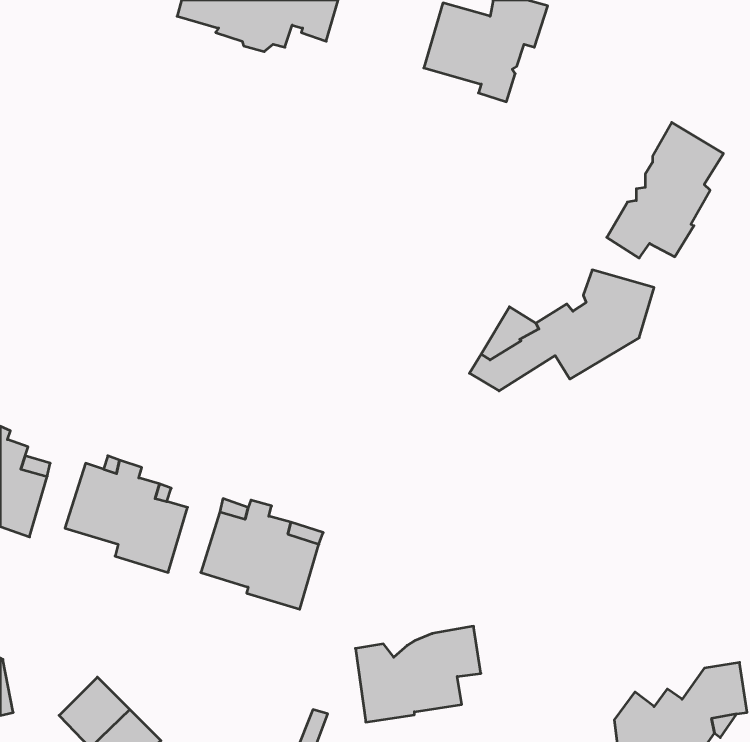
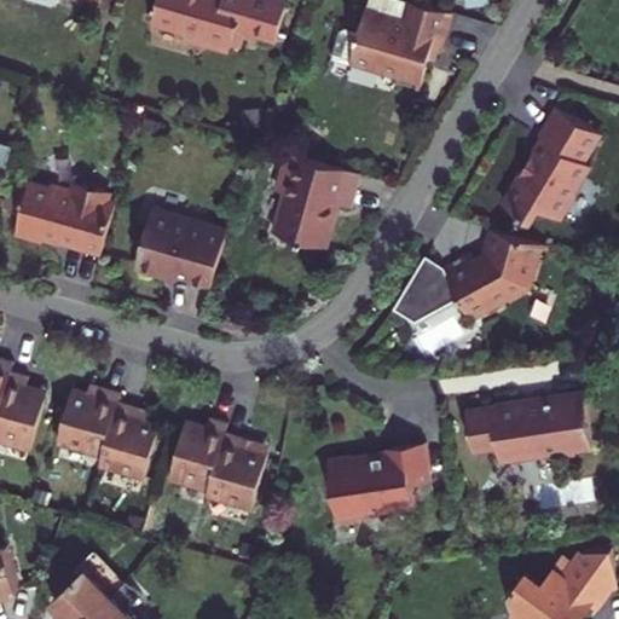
building: none -> [270,155,354,247]
building: none -> [15,186,115,258]
building: none -> [134,212,226,289]
building: none -> [464,398,590,462]
building: [355,626,481,722] -> [328,439,430,517]

